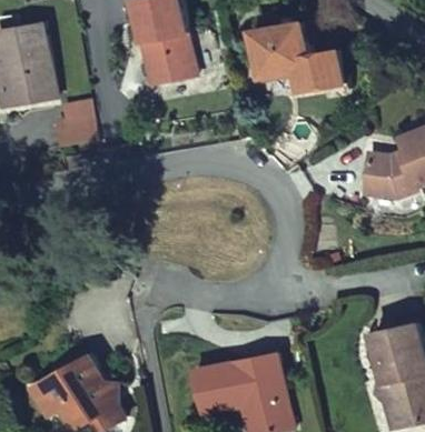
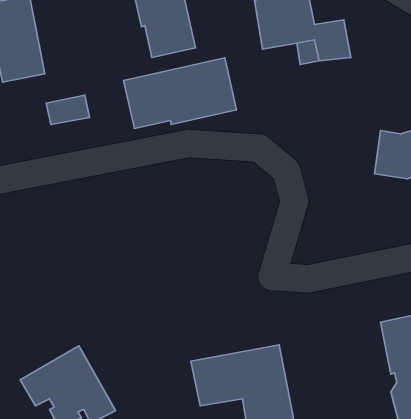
building: none -> [124,58,236,128]

